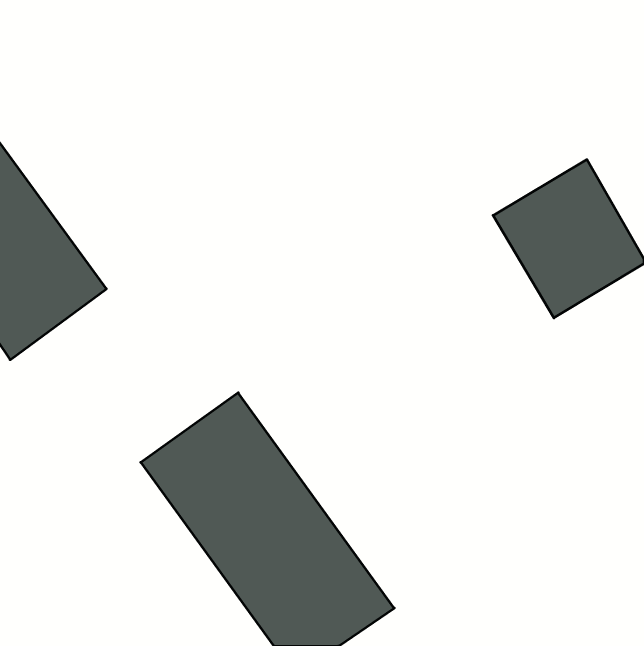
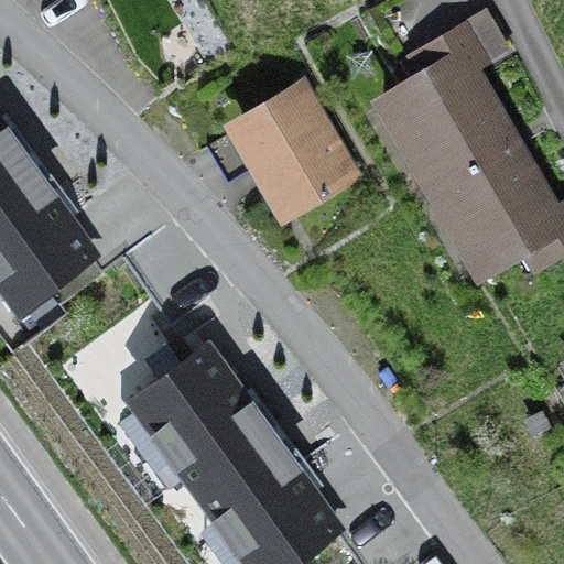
building: none -> [373,47,510,187]
building: none -> [237,87,371,234]

